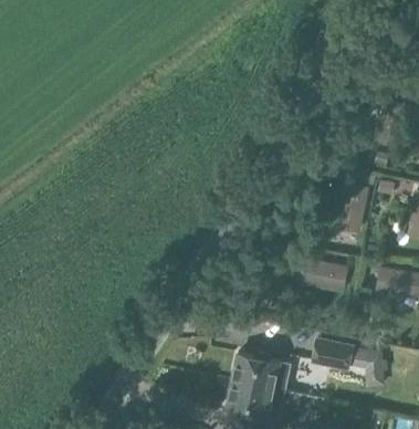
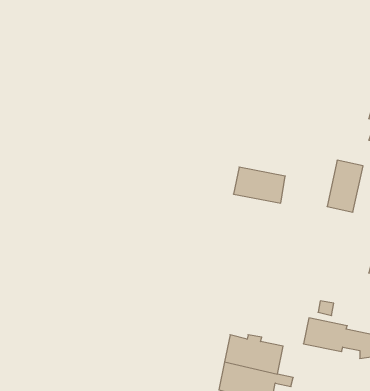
building: [297,258,348,293] -> [233,167,285,203]

